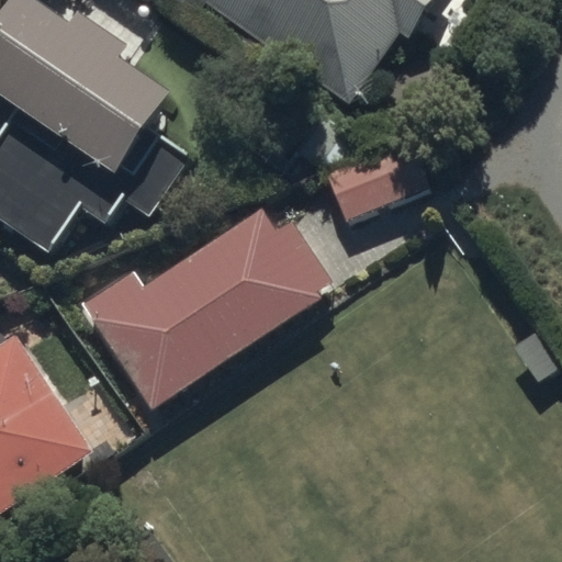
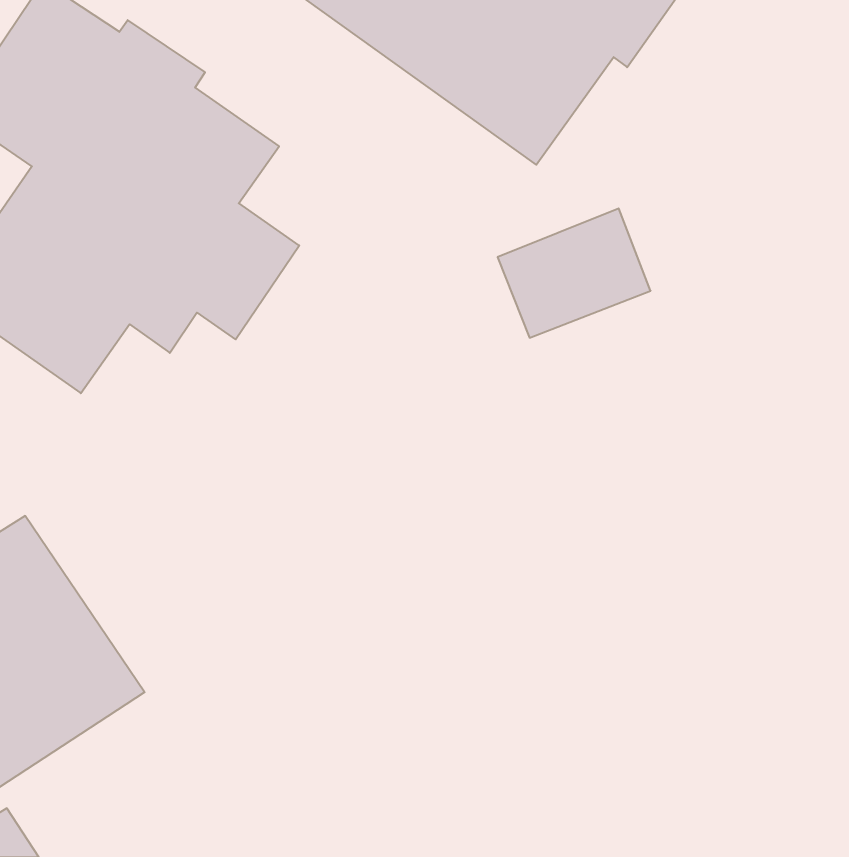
building: [79,204,316,402] -> none

